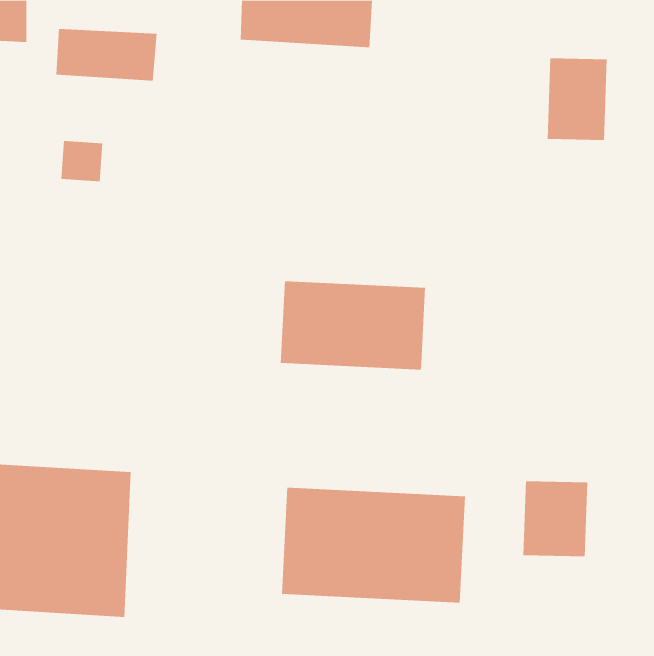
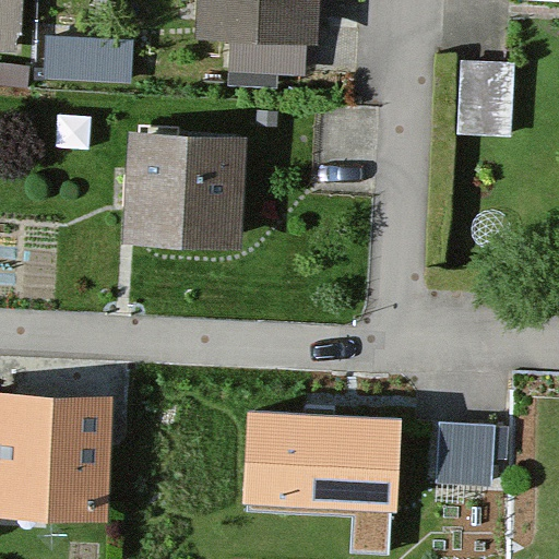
building: none -> [123,133,242,251]
building: [280,280,426,370] -> none

